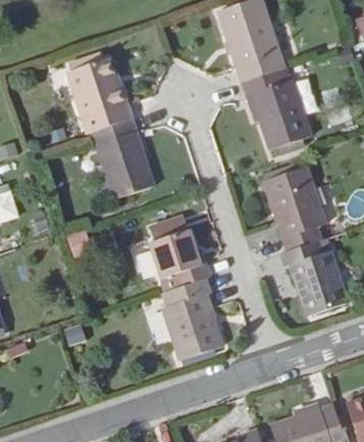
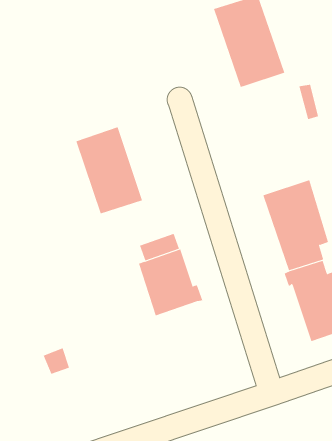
building: [67,58,132,132] -> none
building: [248,67,311,148] -> none
building: [162,278,222,360] -> none

